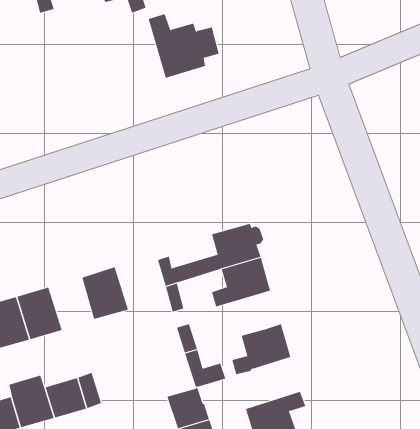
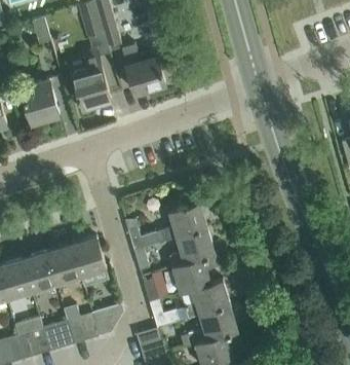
building: none -> [74,50,111,108]
building: none -> [22,80,60,123]
building: none -> [46,245,80,285]
building: none -> [172,255,218,293]
building: none -> [91,304,123,337]
building: none -> [182,305,237,348]

